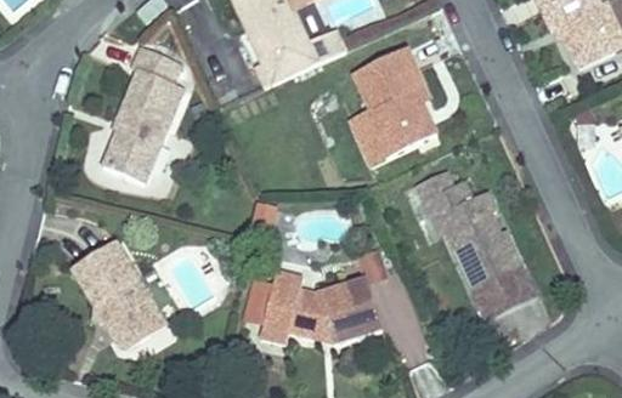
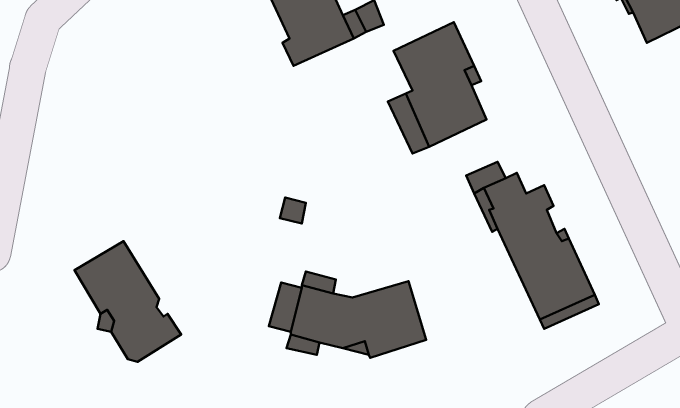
building: [101,45,182,180] -> none

